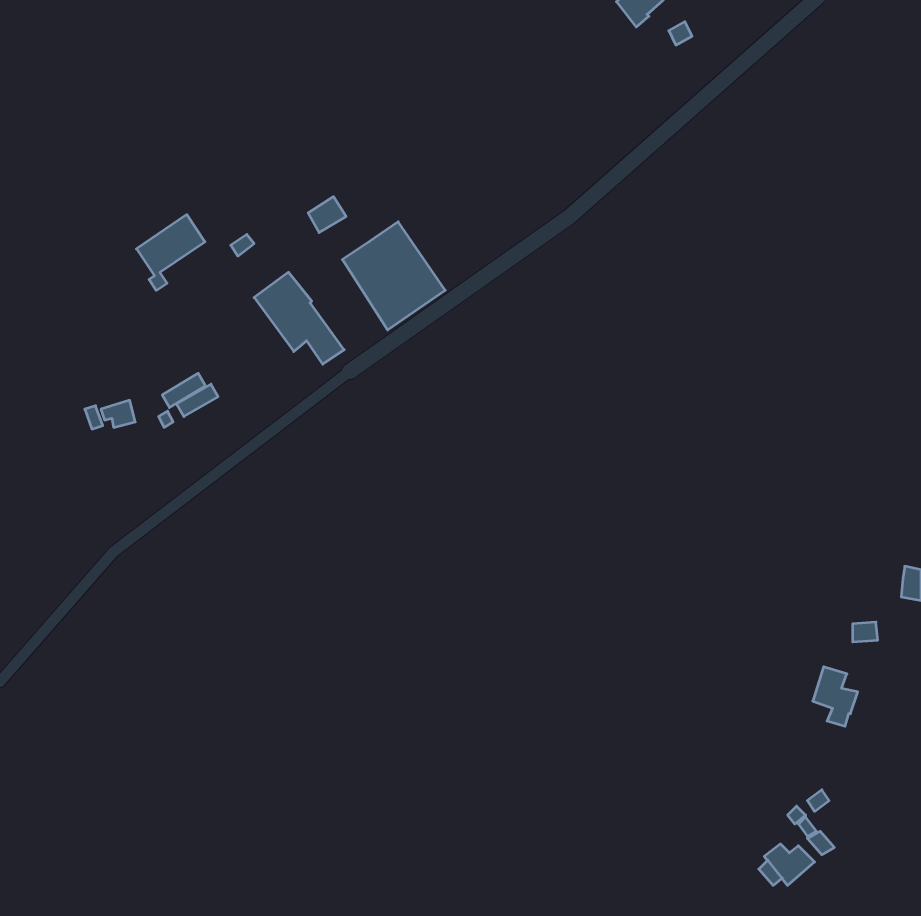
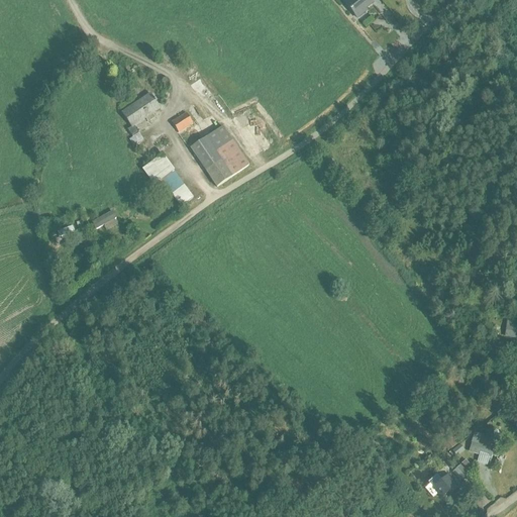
building: [136,215,205,290] -> [121,91,160,133]
building: [813,667,858,726] -> [469,430,494,463]

